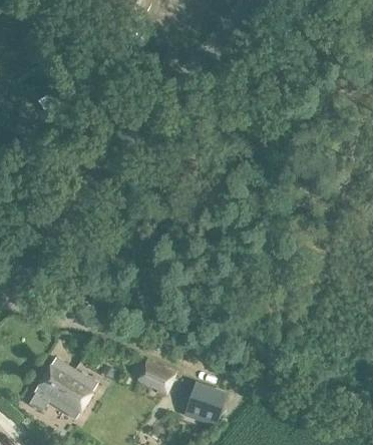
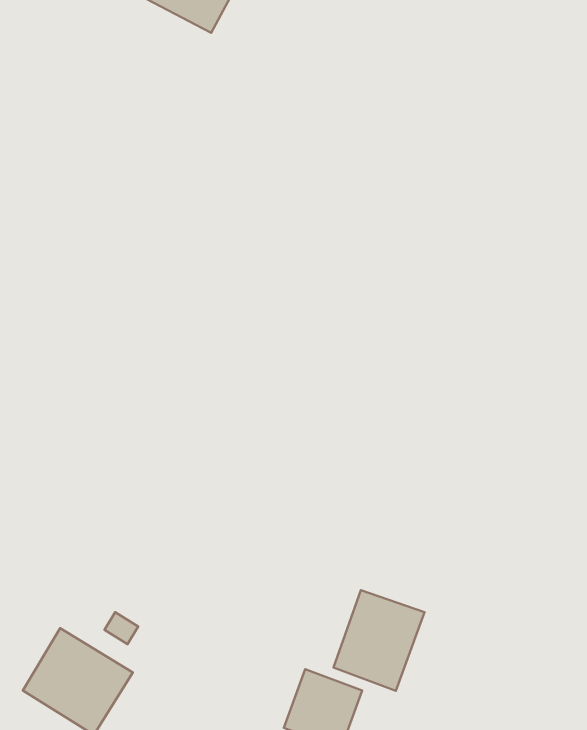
building: none -> [333,590,425,691]
building: [137,359,173,394] -> none

